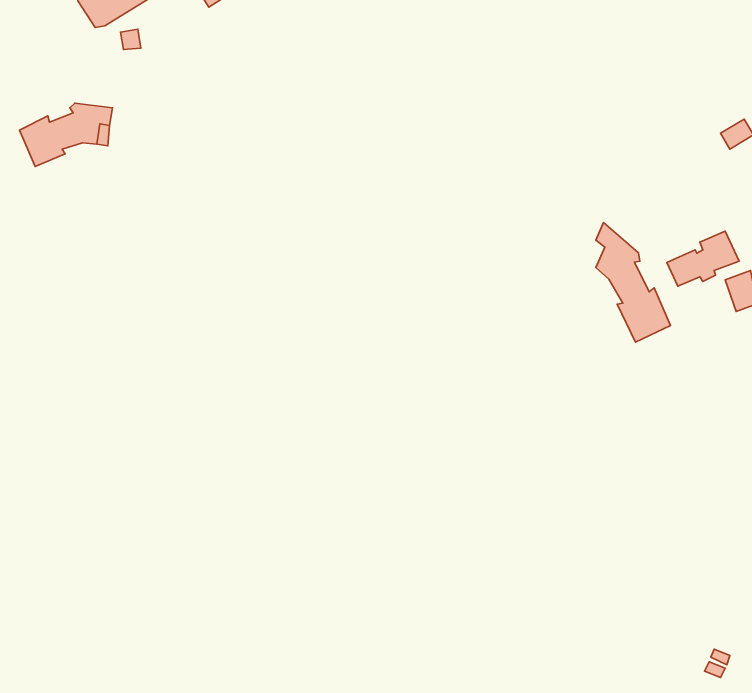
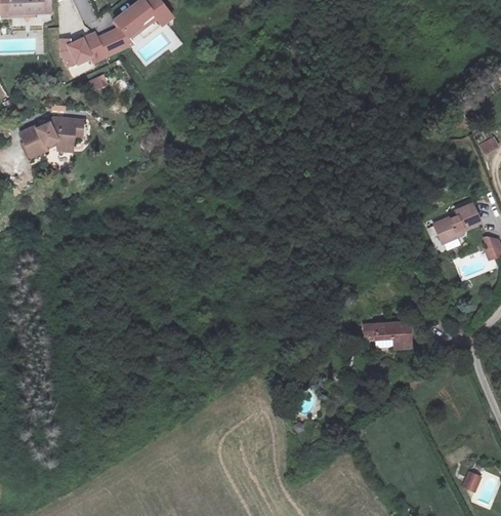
building: [596,222,670,342] -> none
building: none -> [378,320,417,346]

